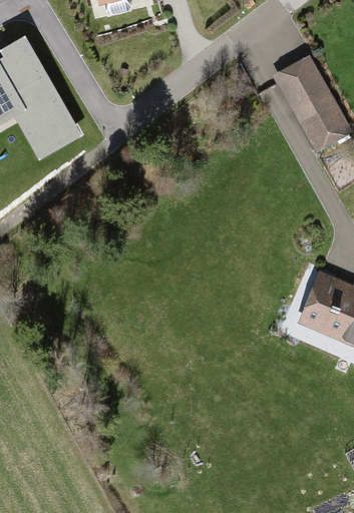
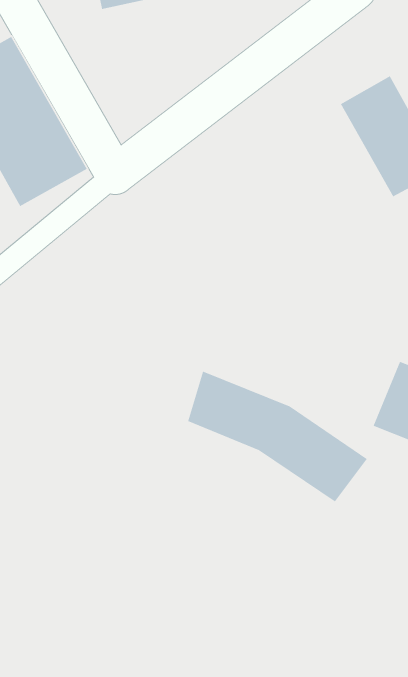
building: none -> [187,371,368,502]

